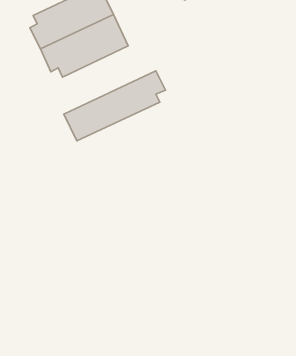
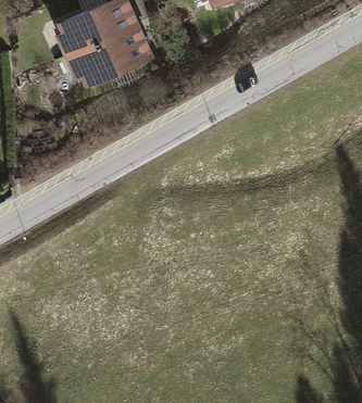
building: [64,71,166,141] -> none

